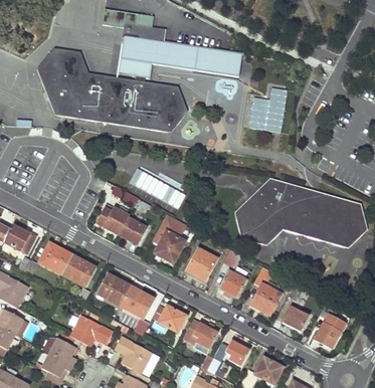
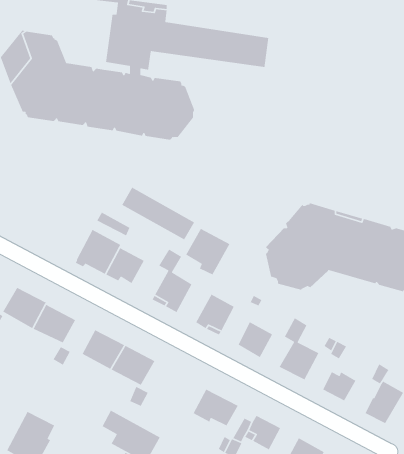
building: [248,86,287,132] -> none
building: none -> [185,228,230,276]
building: [158,307,187,334] -> none
building: [70,316,112,347] -> none

